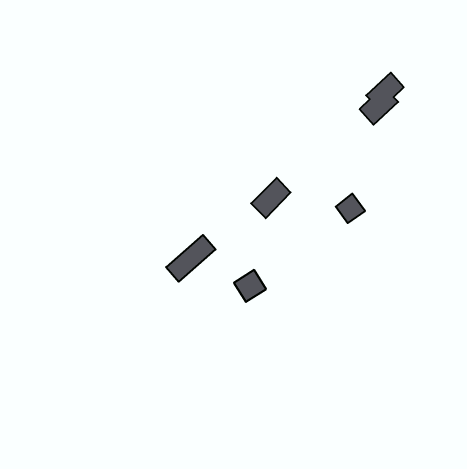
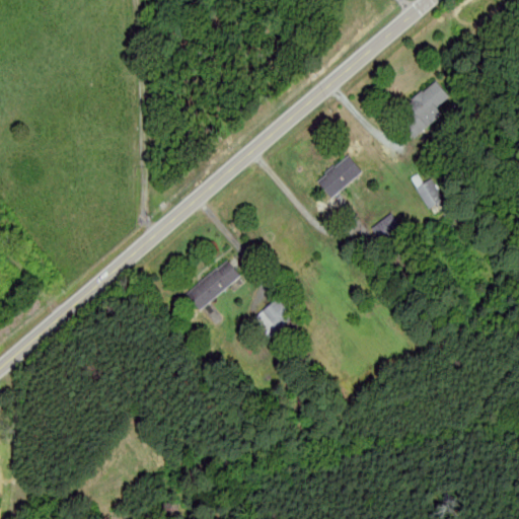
building: none -> [416,178,445,209]
building: [251,178,291,218] -> [317,154,361,199]

